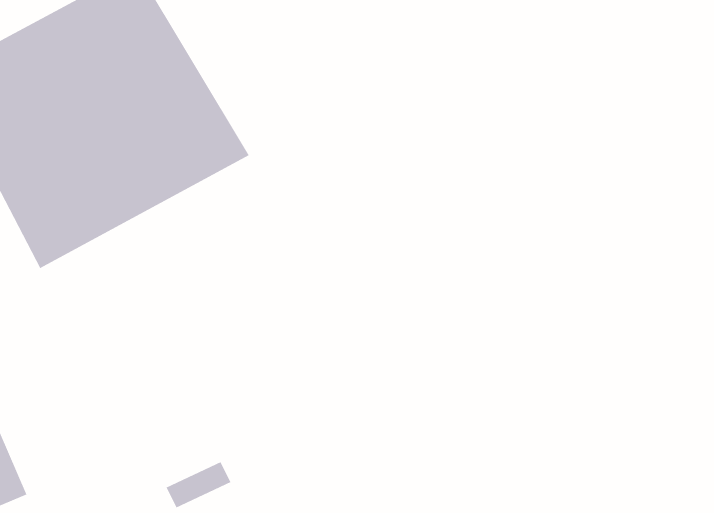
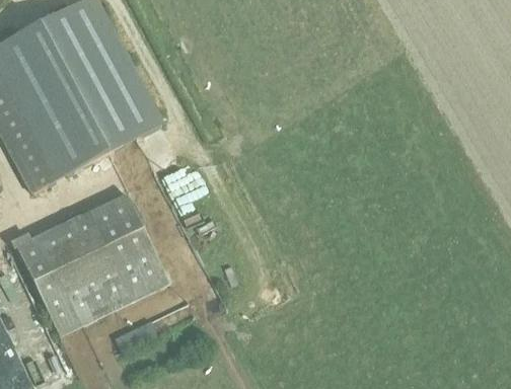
building: none -> [10,192,168,335]

